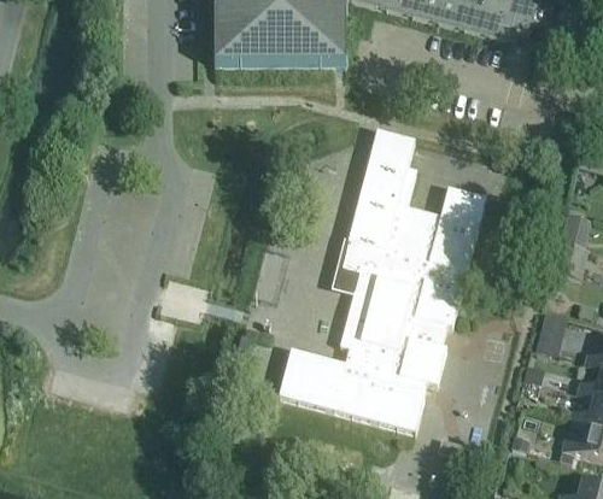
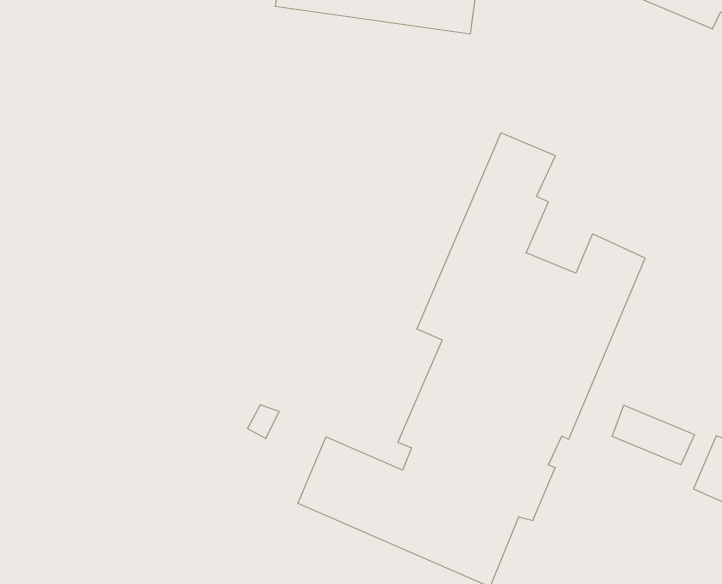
building: none -> [612,405,695,465]

